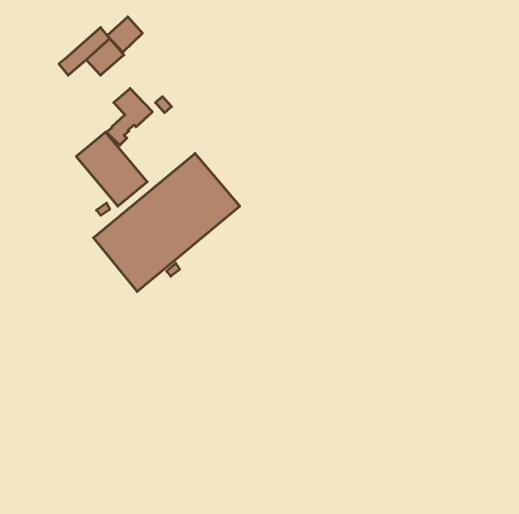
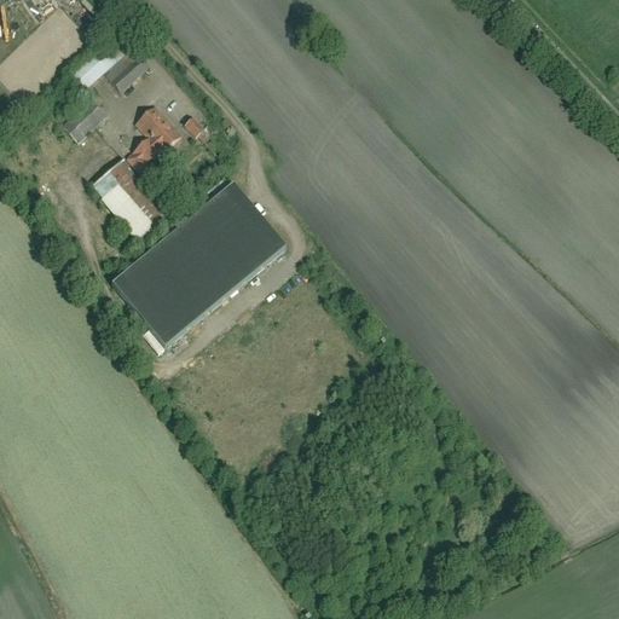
building: [107,17,142,52] -> none
building: none -> [59,97,106,143]

